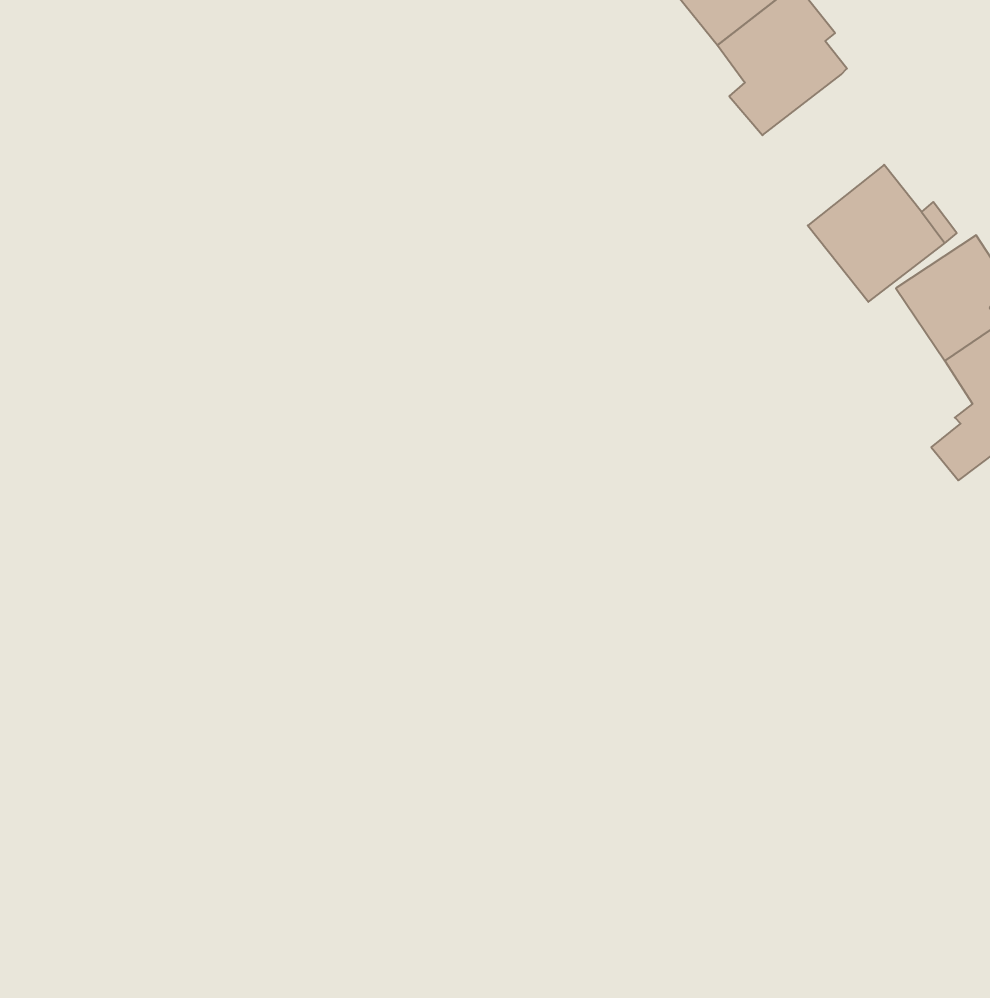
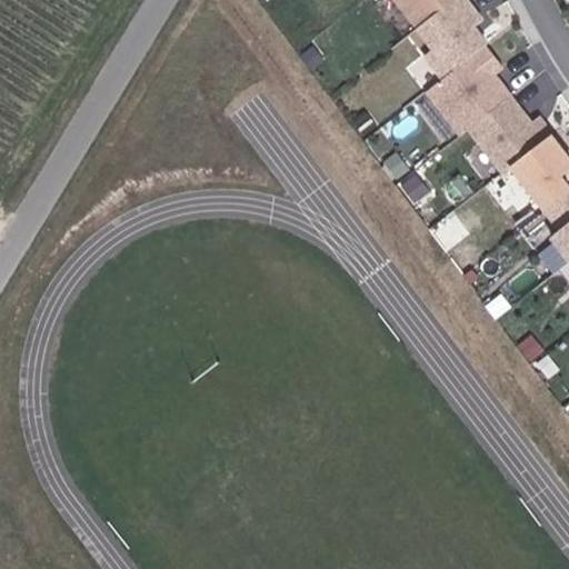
building: none -> [422,42,508,133]

